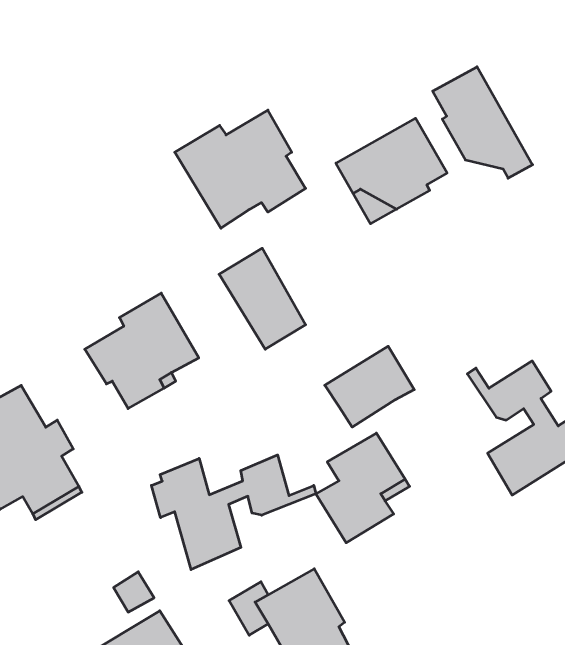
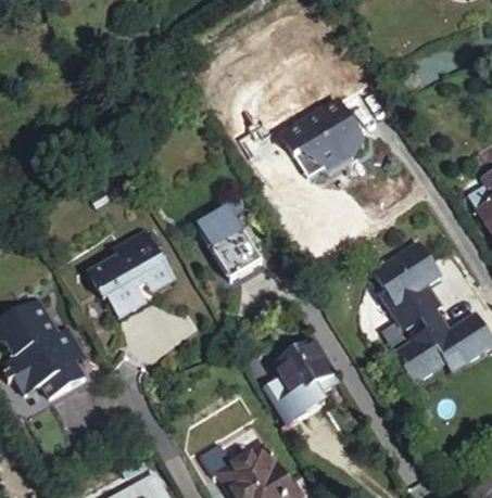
building: [433,67,533,178] -> none
building: [175,110,306,228] -> none
building: [325,346,414,427] -> [375,243,442,304]
building: [151,455,316,570] -> none

